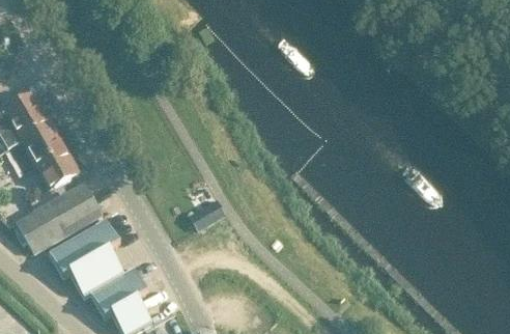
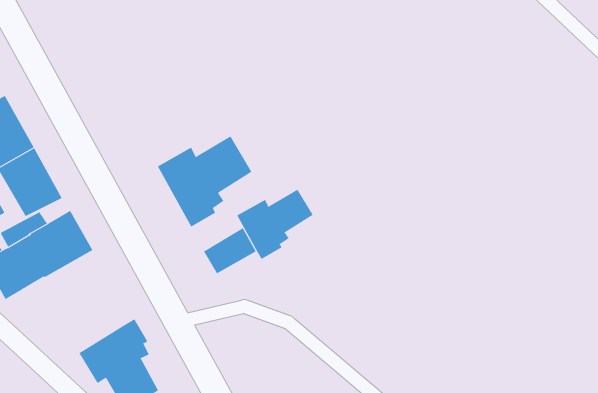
building: none -> [157,136,252,227]
building: none -> [237,189,314,260]
building: [49,218,124,298] -> none

